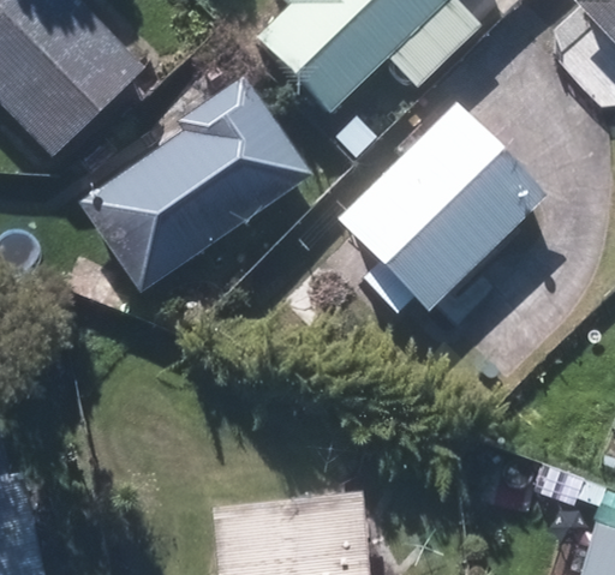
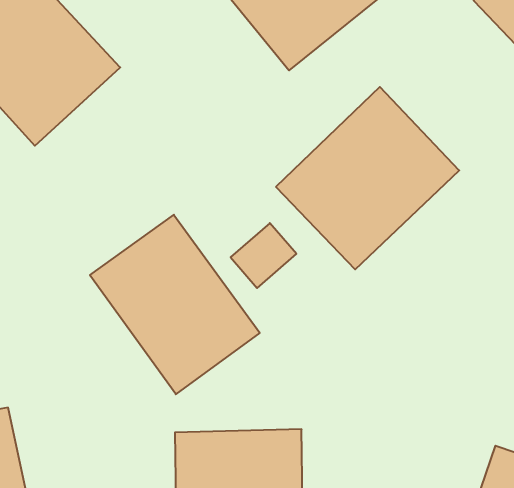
building: [77,83,309,293] -> none
building: none -> [90,215,260,394]

